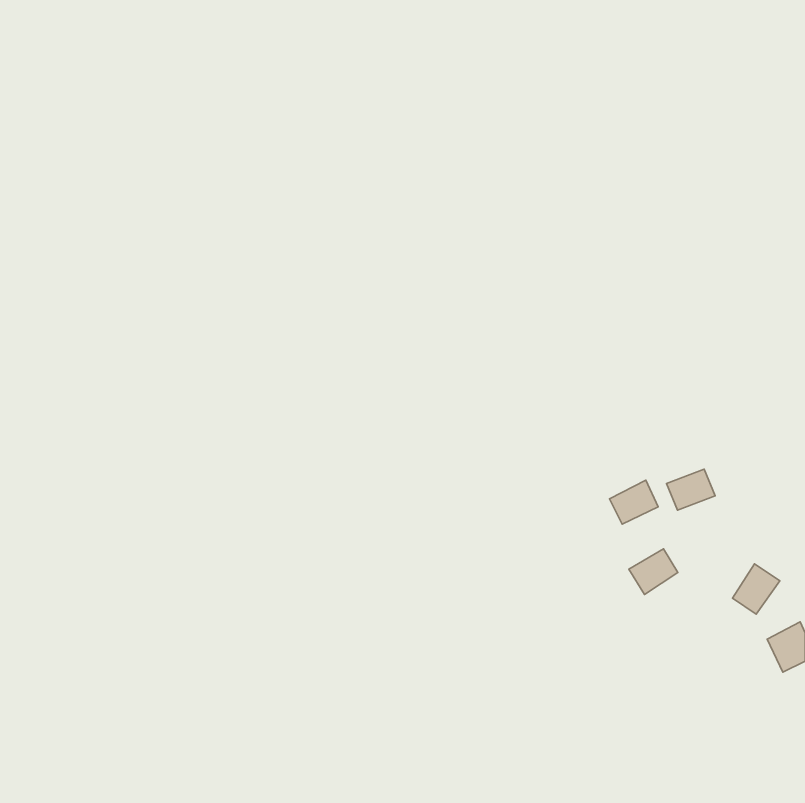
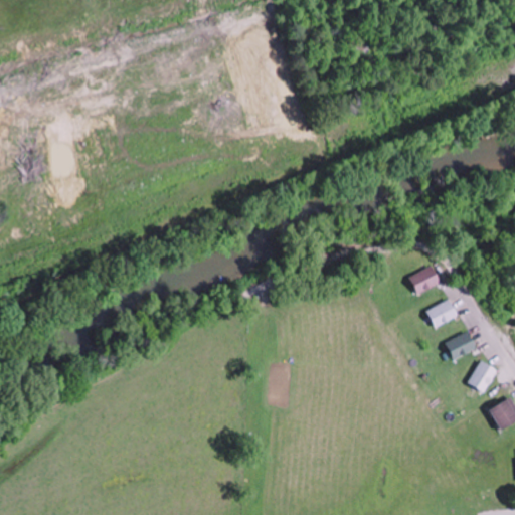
building: [609,480,658,524] -> [408,266,440,294]
building: [629,549,678,595] -> [445,332,476,361]

